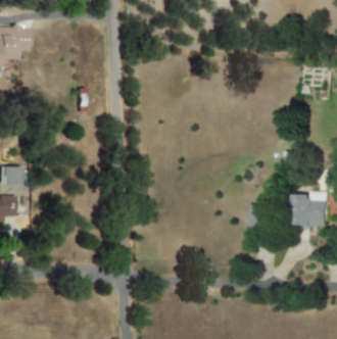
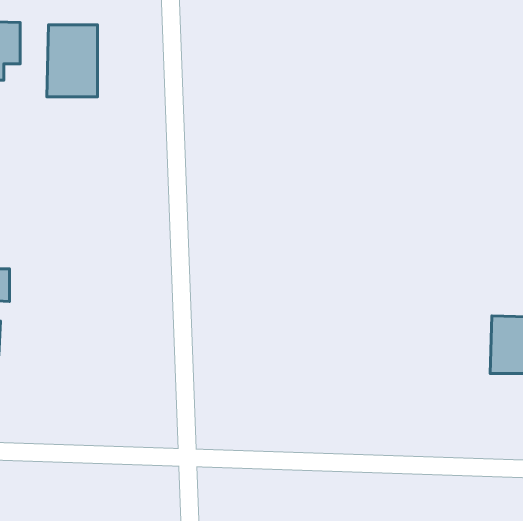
building: none -> [47,25,97,97]

